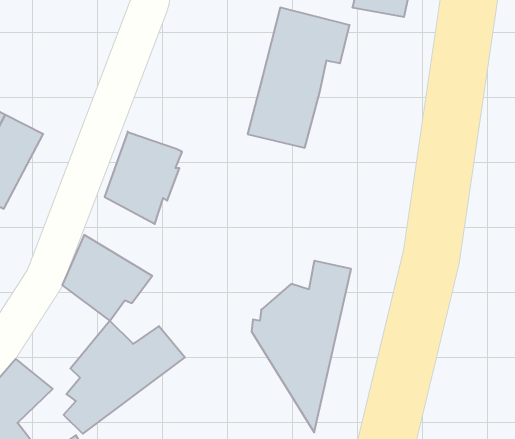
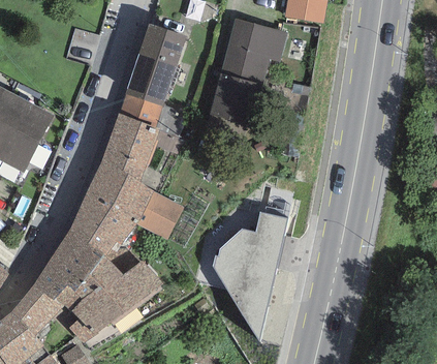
building: none -> [119,23,186,126]
building: none -> [85,162,183,239]
building: none -> [33,230,104,312]

